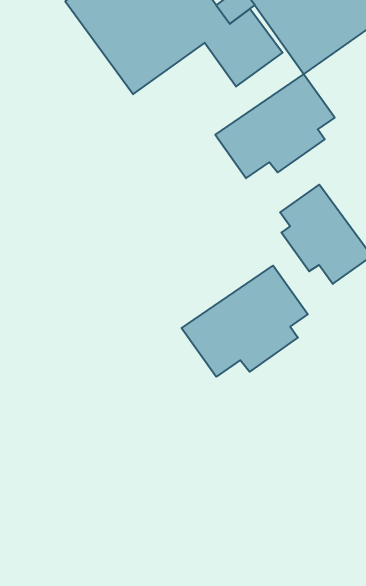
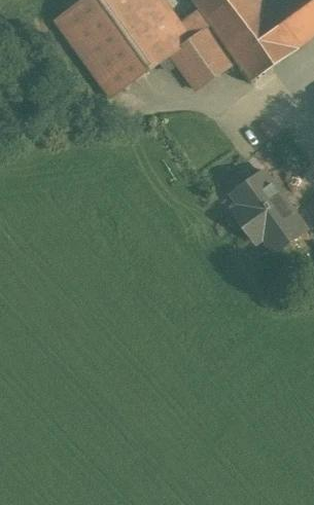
building: [215,74,335,178] -> none
building: [182,266,308,377] -> none

